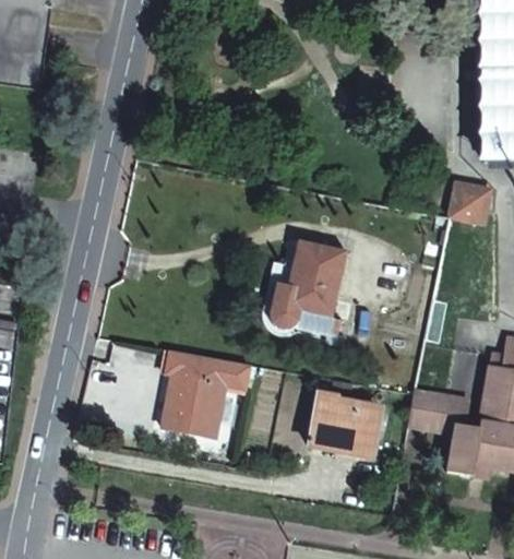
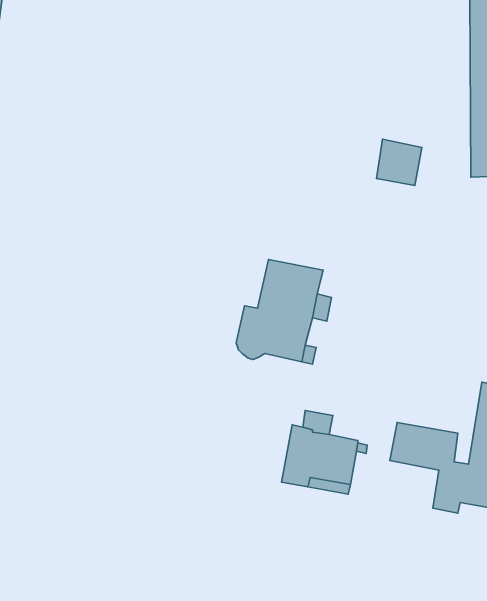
building: [447,179,489,222] -> [377,139,422,186]
building: [160,349,250,437] -> none

